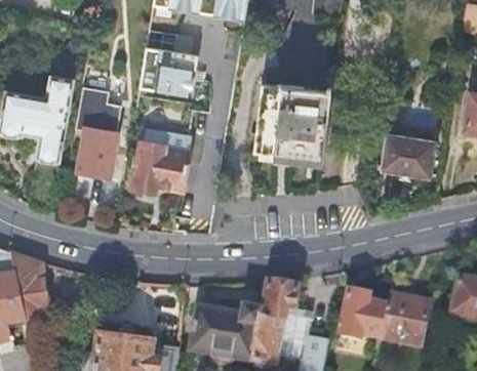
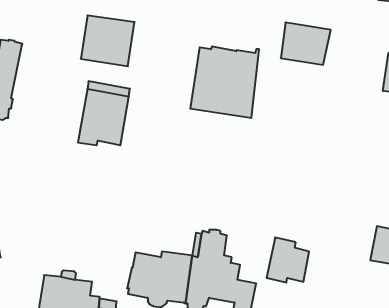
building: [75,87,122,176] -> none
building: [380,132,434,178] -> [281,22,331,65]
building: [380,292,431,346] -> none

